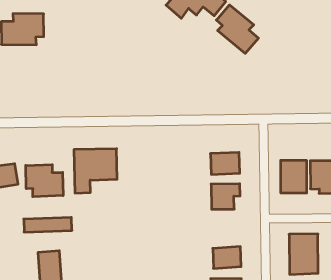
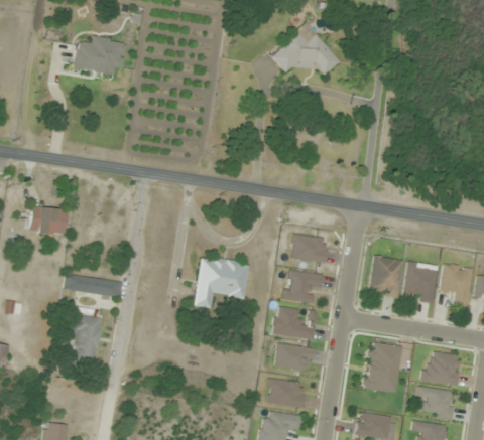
building: [216,5,258,53] -> none
building: [74,149,117,193] -> [194,257,250,309]
building: [26,165,63,197] -> none
building: none -> [272,307,315,340]

